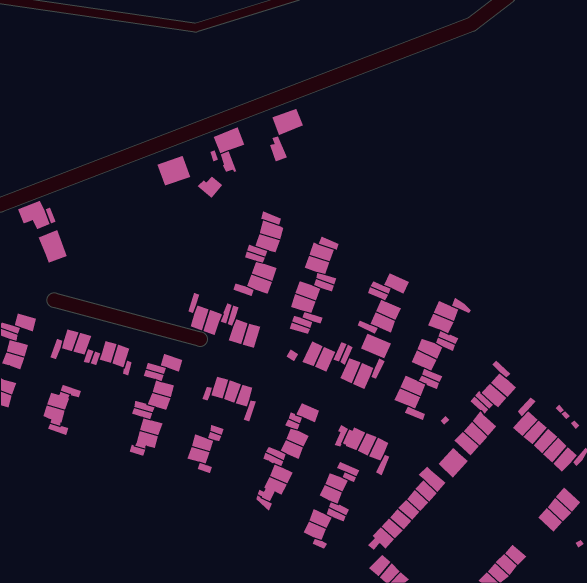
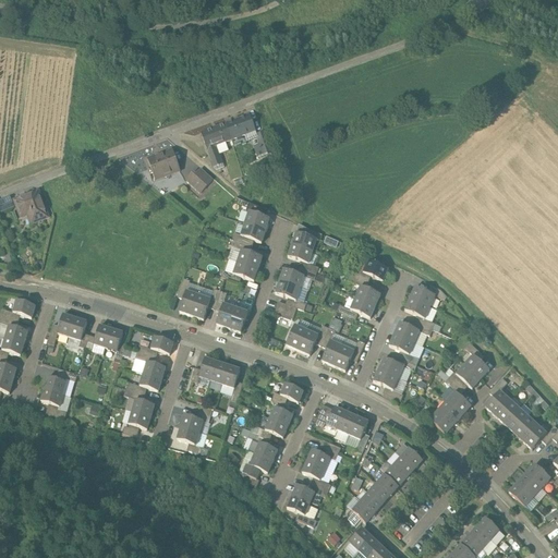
building: [272,108,304,136] -> [227,111,257,137]
building: [38,229,67,263] -> none
building: [360,333,392,359] -> none
building: [438,447,469,478] -> none

